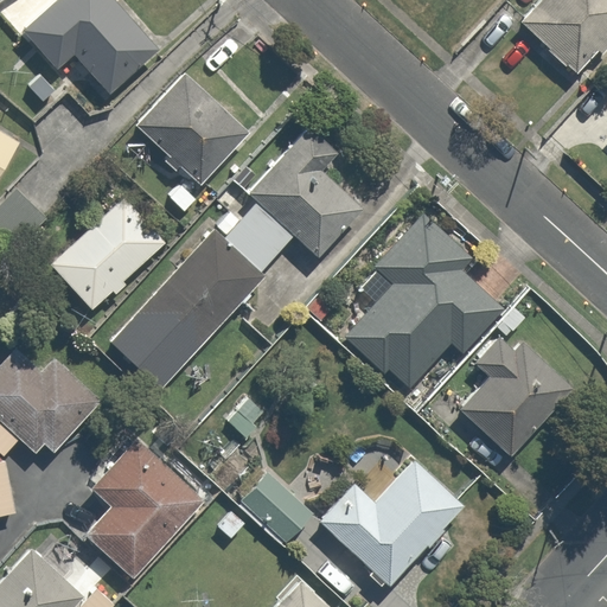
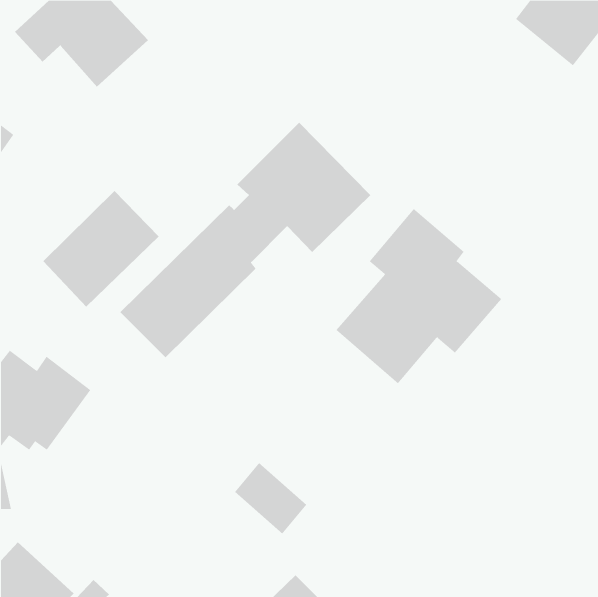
building: [136,72,242,179] -> none
building: [462,336,566,454] -> none
building: [78,440,206,582] -> none
building: [320,460,461,582] -> none

